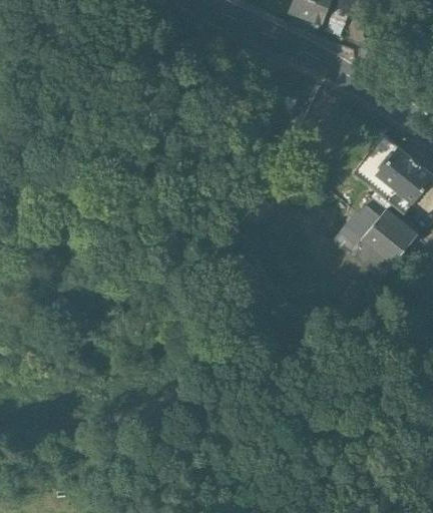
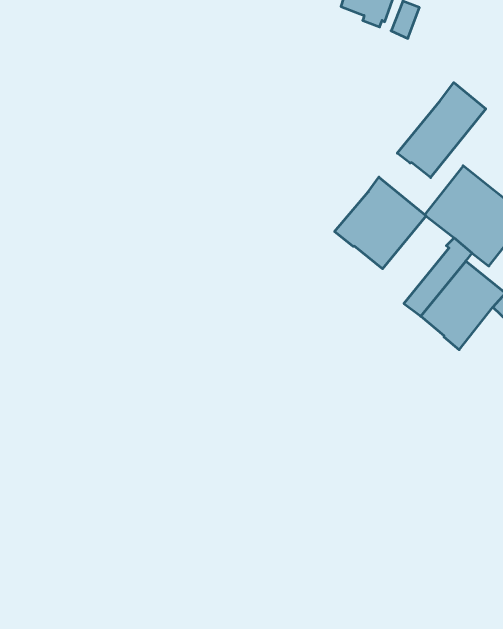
building: none -> [397,83,486,178]
building: none -> [335,177,426,269]

